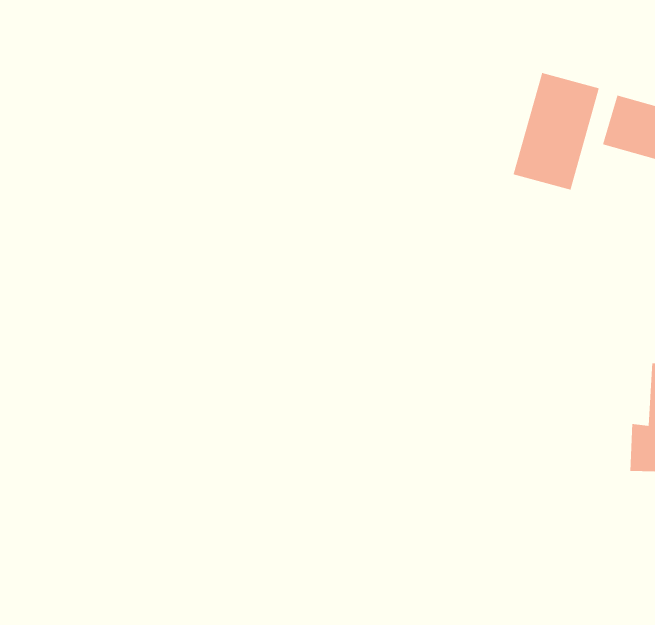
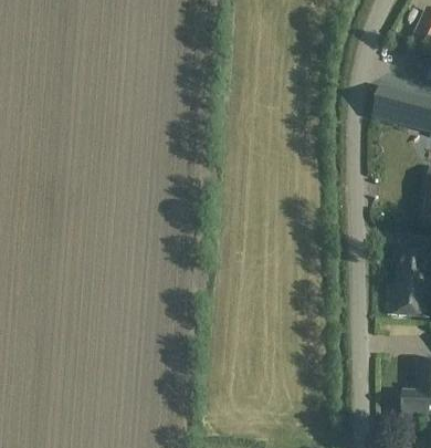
building: [513,72,600,190] -> none

